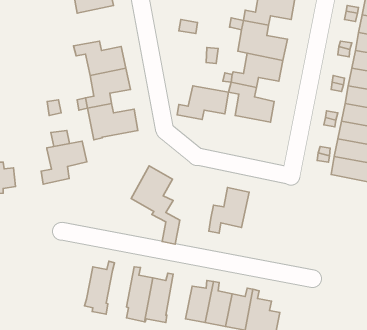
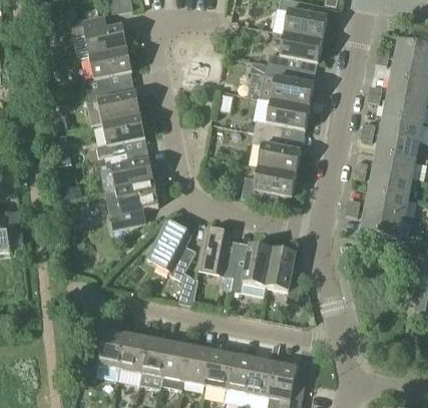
building: none -> [82,47,131,90]
building: [177,86,228,119] -> [241,165,296,201]
building: [41,141,87,184] -> [109,181,158,228]
building: none -> [196,228,235,276]
building: none -> [265,248,302,303]
building: none -> [119,326,149,371]
building: none -> [183,336,211,384]

